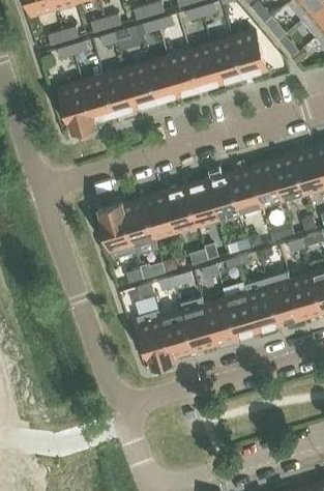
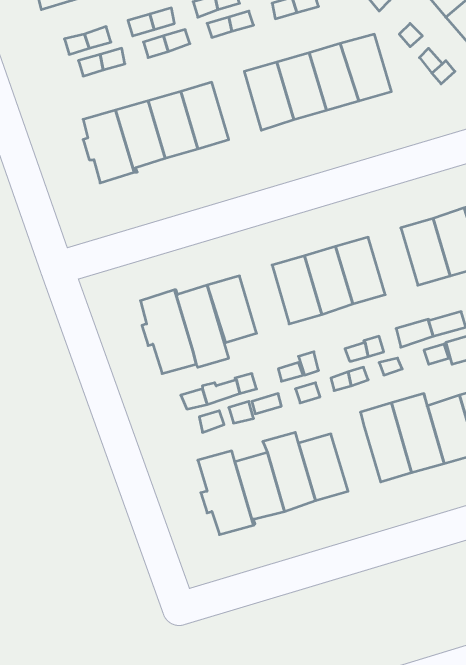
building: [145,56,178,102] -> none
building: [249,161,283,205] -> none
building: [164,185,197,231] -> none
building: [225,292,258,337] -> none

